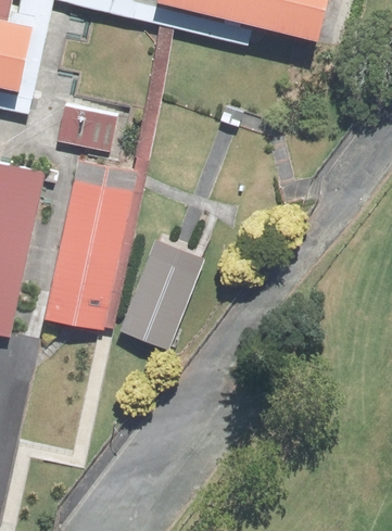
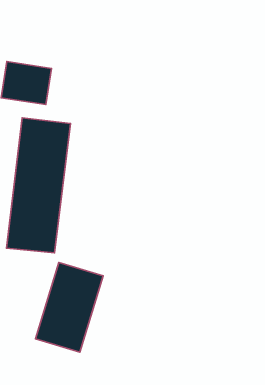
building: [118,240,205,349] -> [36,263,103,352]

